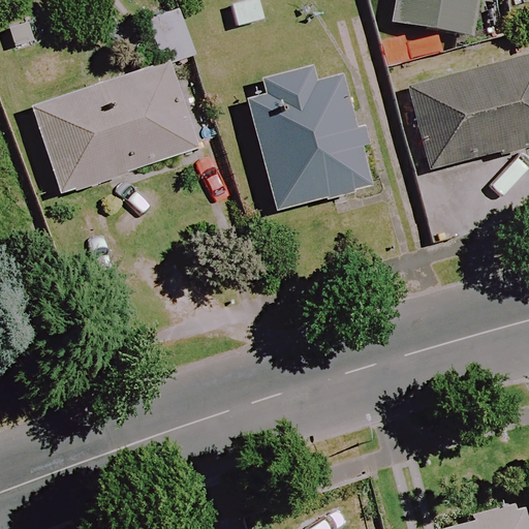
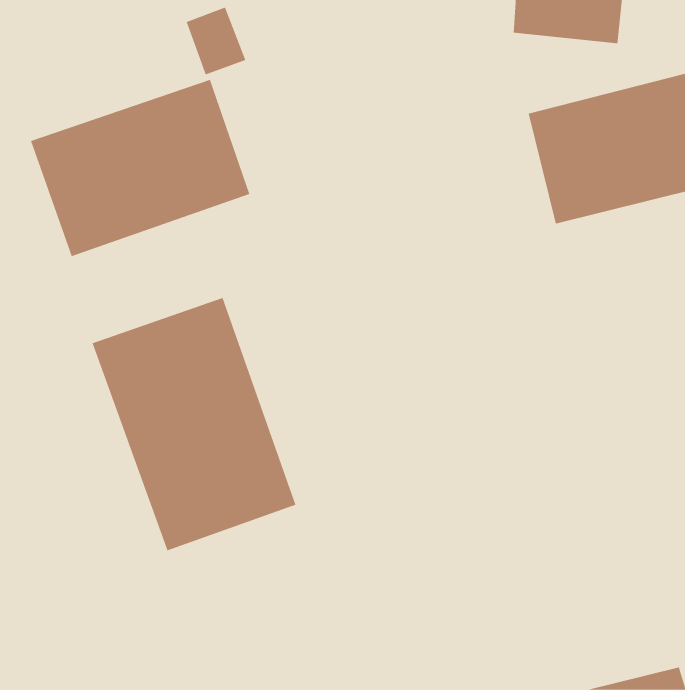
building: [246,64,373,212] -> none
building: none -> [92,297,296,551]

